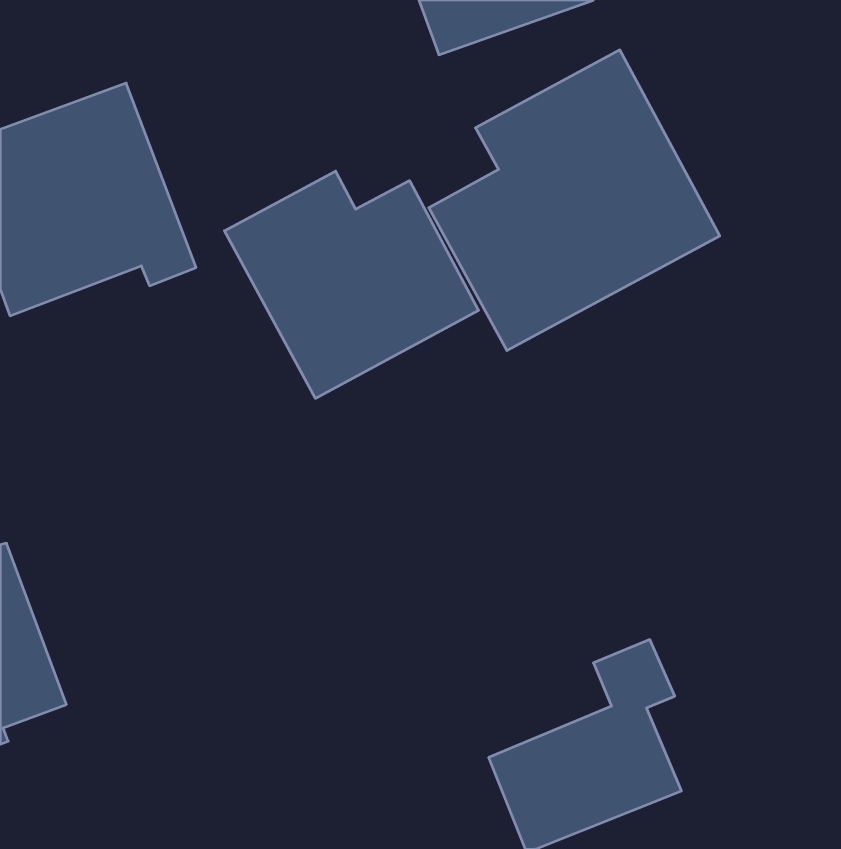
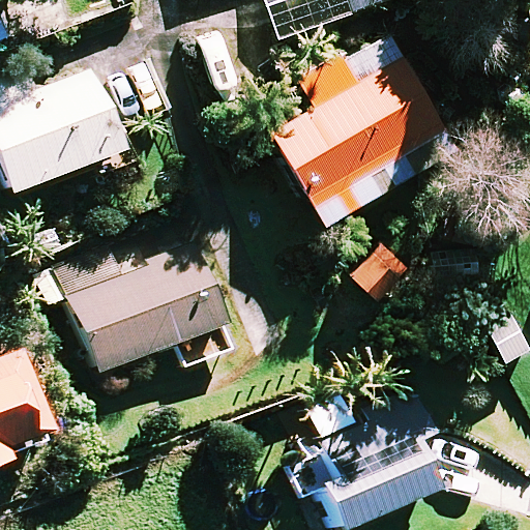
building: [224,171,479,398] -> none
building: none -> [43,248,230,374]

